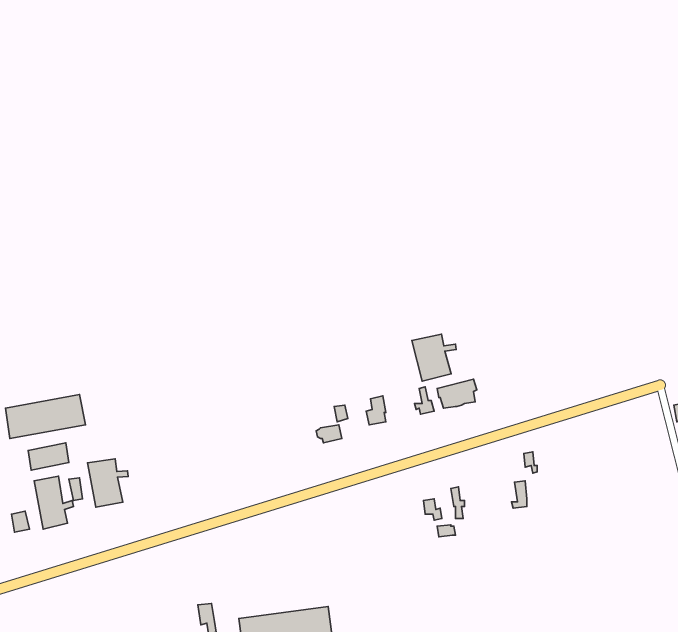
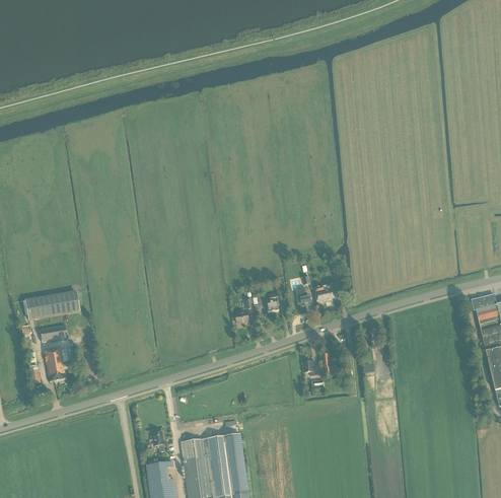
building: [412,334,456,381] -> none
building: [87,459,128,507] -> none

